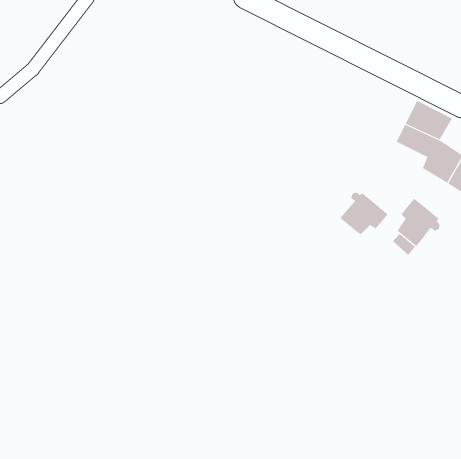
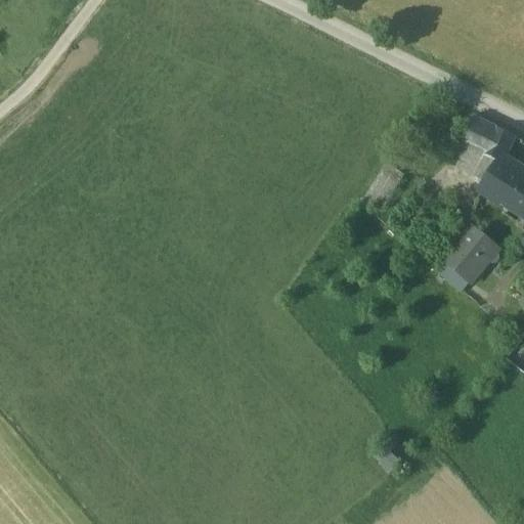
building: [340,192,388,235] -> none

